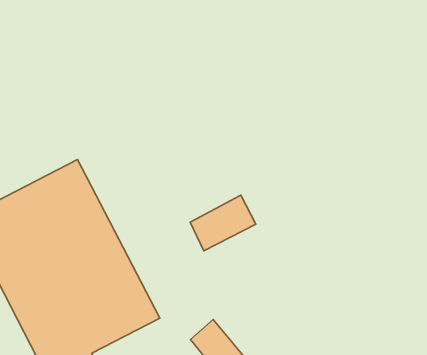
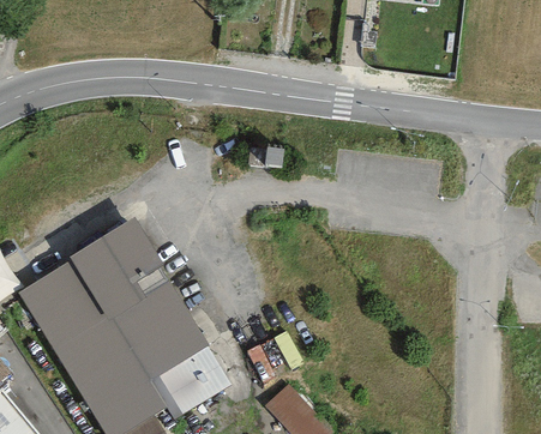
building: [190,195,256,251] -> none

